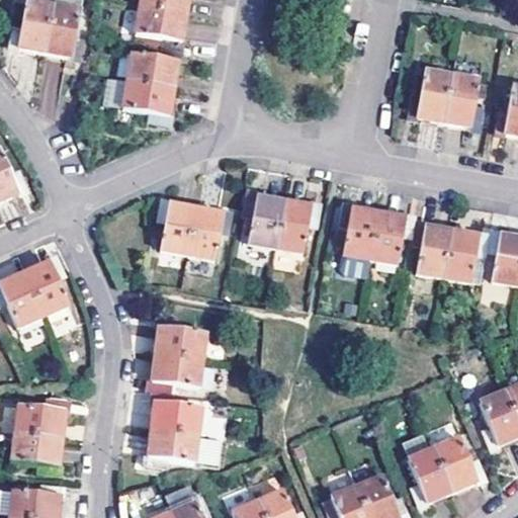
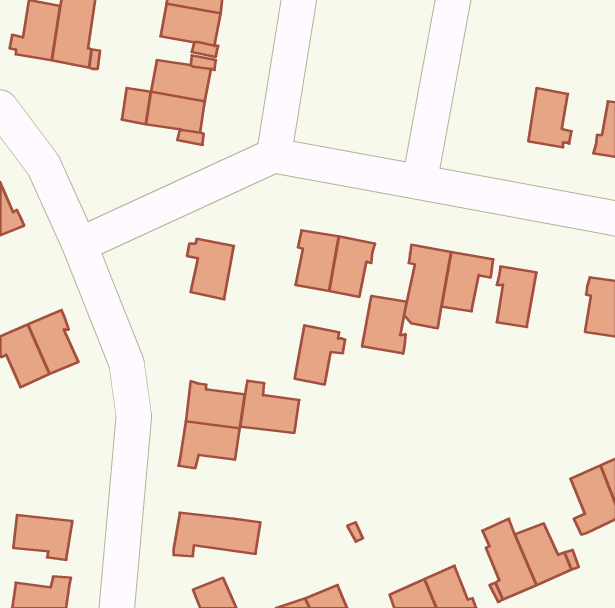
building: [407,69,451,118] -> none
building: [189,206,232,256] -> [295,325,345,384]
building: [443,229,489,279] -> none
building: none -> [362,296,406,354]
building: [152,392,201,435] -> [240,381,299,433]
building: [15,403,66,437] -> none

